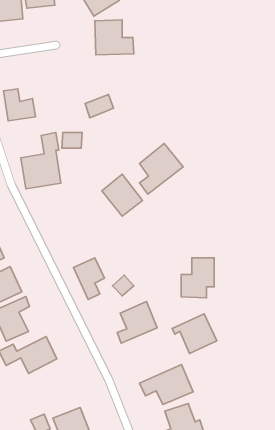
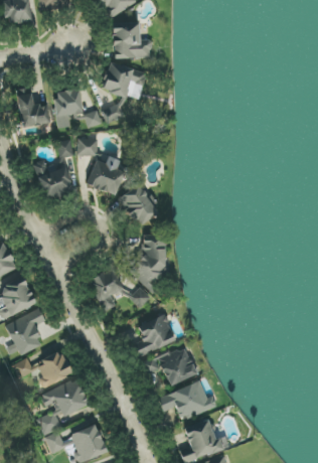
building: none -> [101,61,146,98]
building: none -> [52,89,100,129]
building: [139,143,183,194] -> none
building: none -> [86,156,126,196]
building: [181,258,214,298] -> [131,242,165,283]
building: [172,314,217,354] -> [151,345,197,387]
building: none -> [35,378,88,436]

